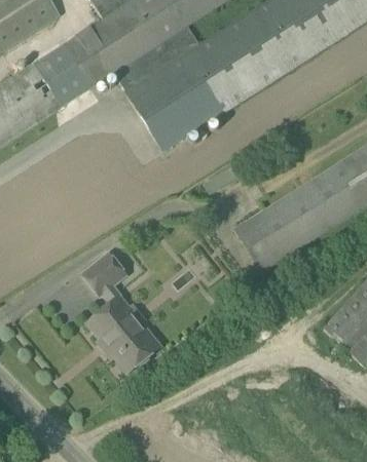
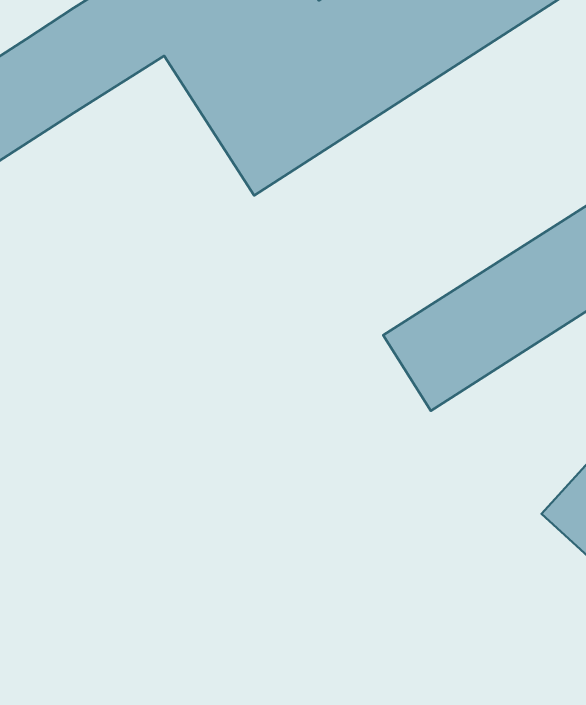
building: [83,253,161,373] -> none

